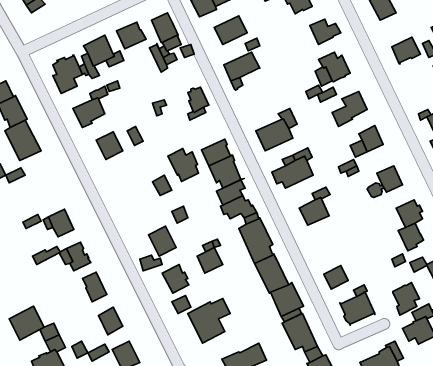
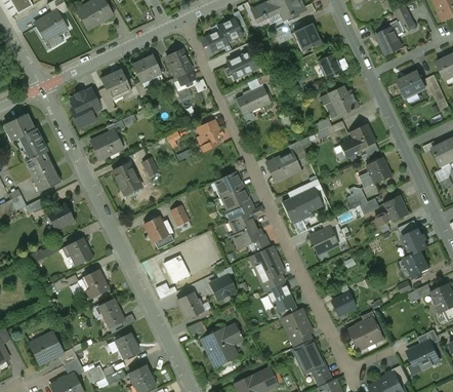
building: [168,149,199,182] -> [143,217,173,248]
building: none -> [46,203,73,229]
building: [393,283,420,315] -> none

